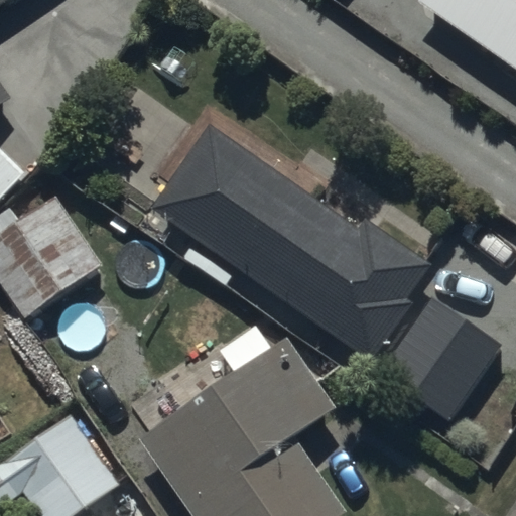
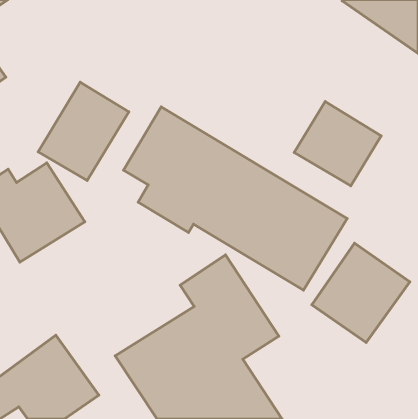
building: none -> [38,82,129,180]
building: none -> [294,101,381,186]

